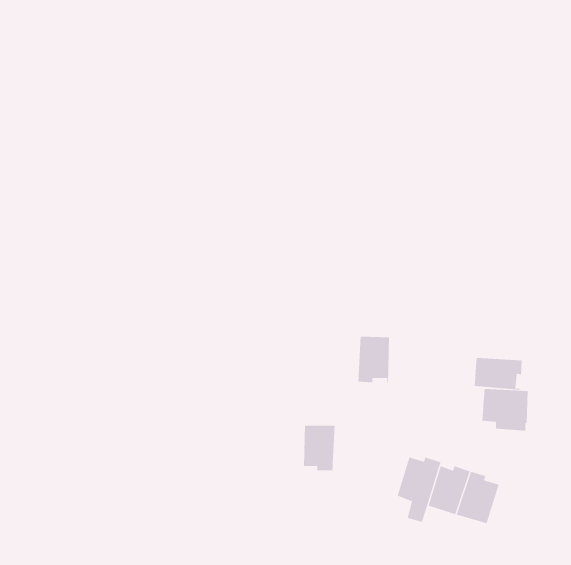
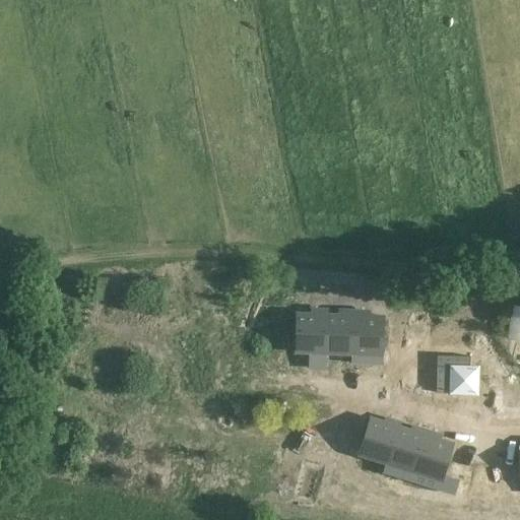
building: none -> [353,312,383,354]
building: [474,357,522,390] -> none
building: [303,425,335,471] -> [298,311,327,352]

